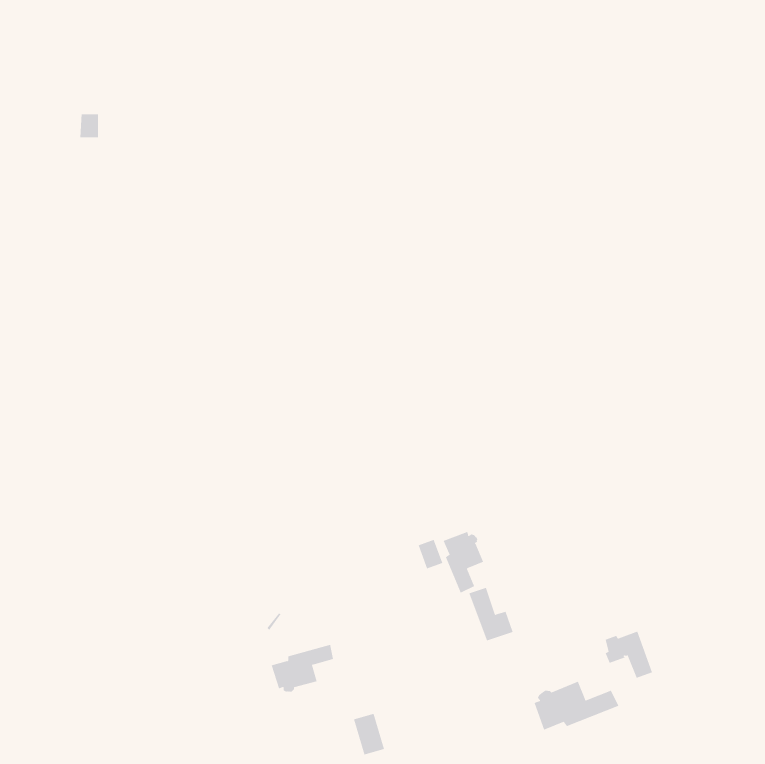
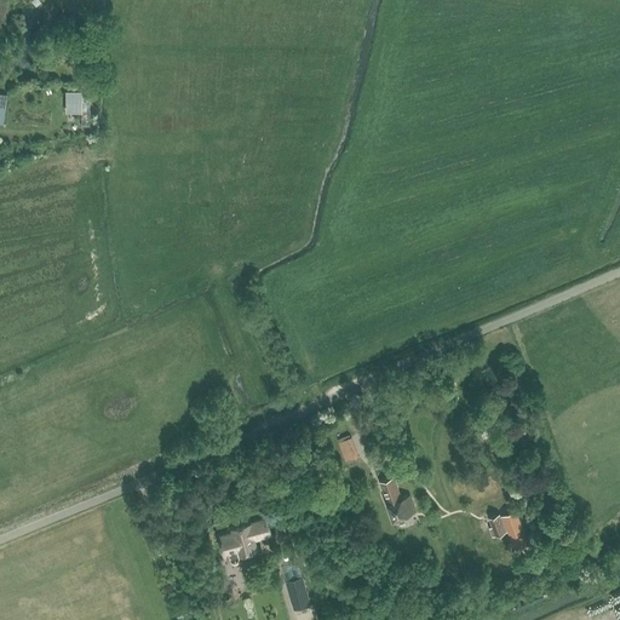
building: [443,531,484,594] -> none
building: [534,681,619,730] -> none

